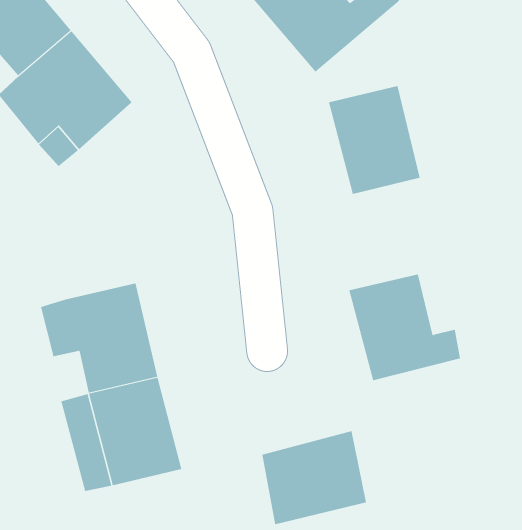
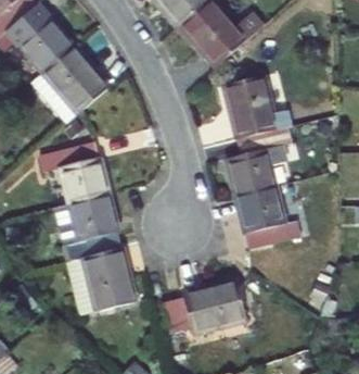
building: none -> [225,126,298,197]
building: none -> [39,141,110,202]

